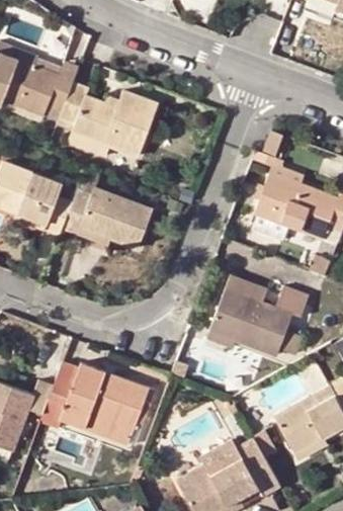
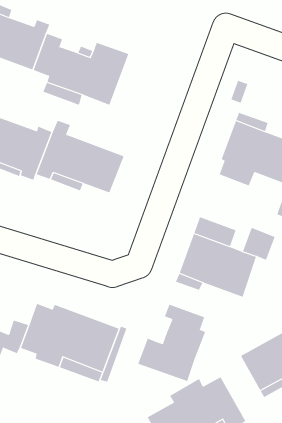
building: none -> [138,304,206,382]

